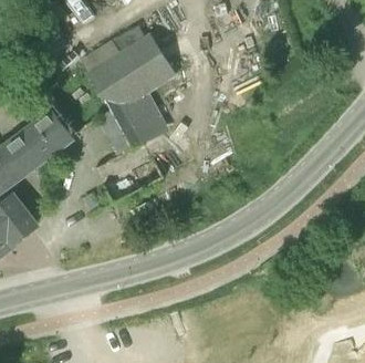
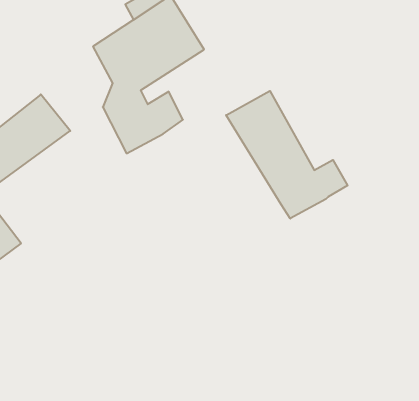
building: none -> [226,91,348,219]

